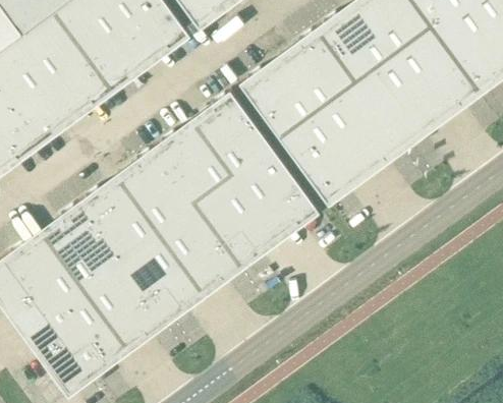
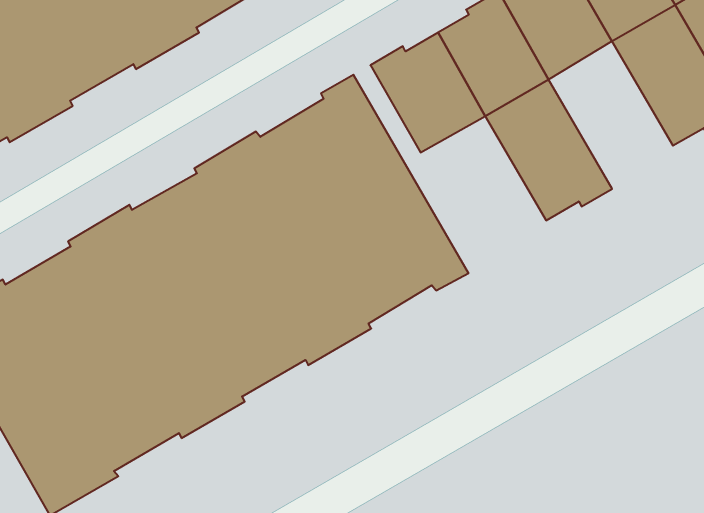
building: [354,54,438,148] -> none
building: [278,110,362,203] -> none

